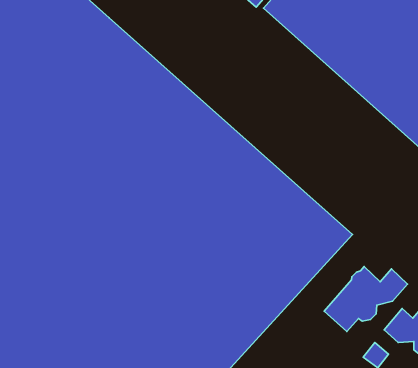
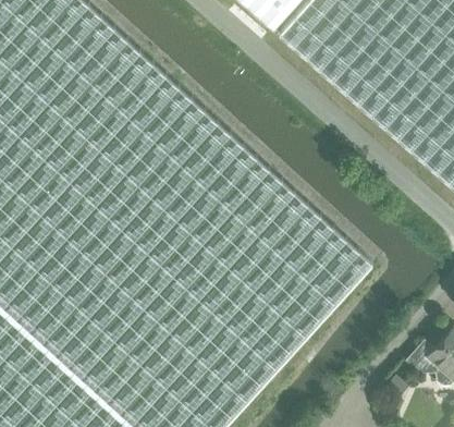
building: [324,267,407,331] -> none

